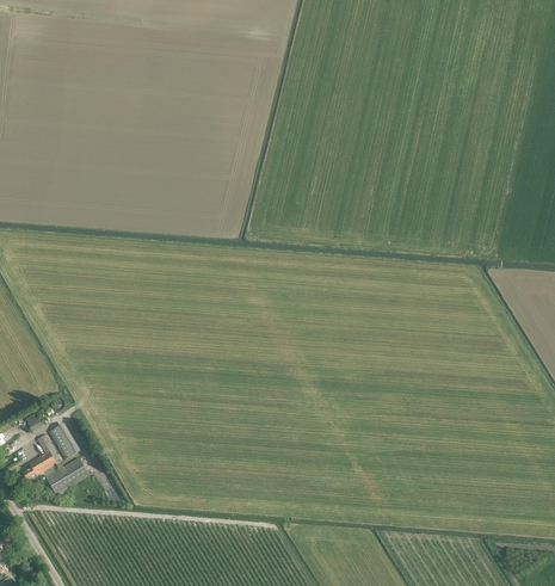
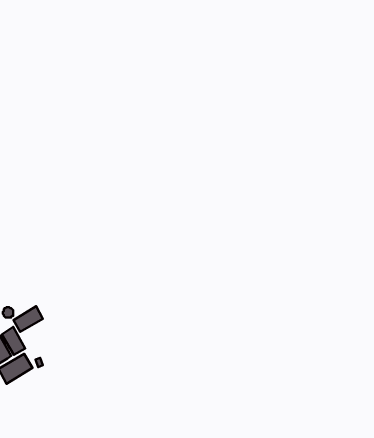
building: none -> [13,306,43,332]

